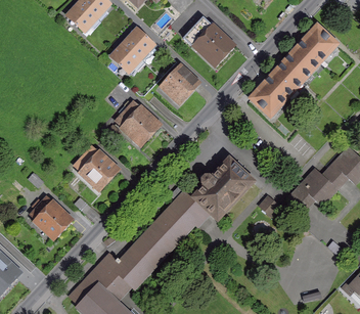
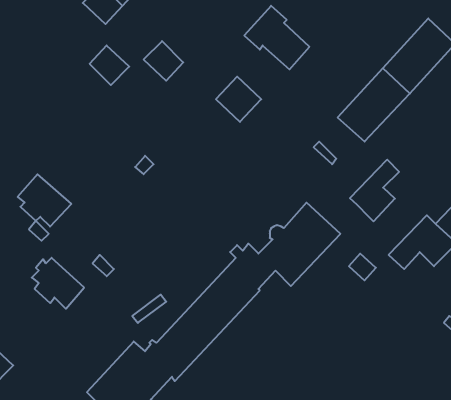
building: [125,30,153,58] -> [90,45,129,85]
building: [119,104,158,142] -> none
building: none -> [350,160,399,221]
building: [77,149,116,187] -> [18,174,71,227]

